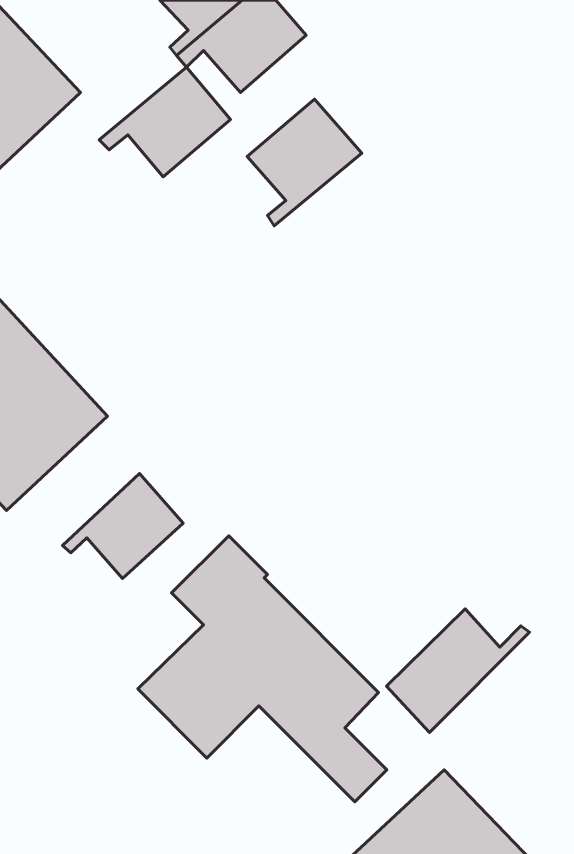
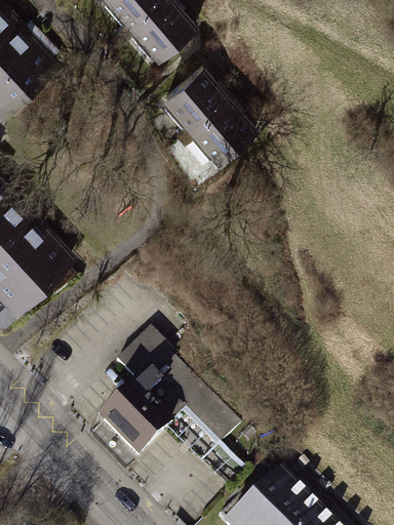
building: [99,67,230,177] -> [175,97,255,164]
building: [62,474,183,578] -> none
building: [387,609,530,733] -> none

